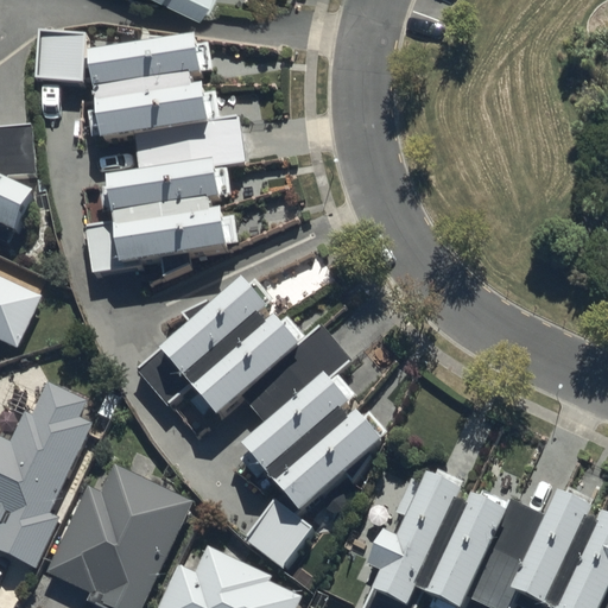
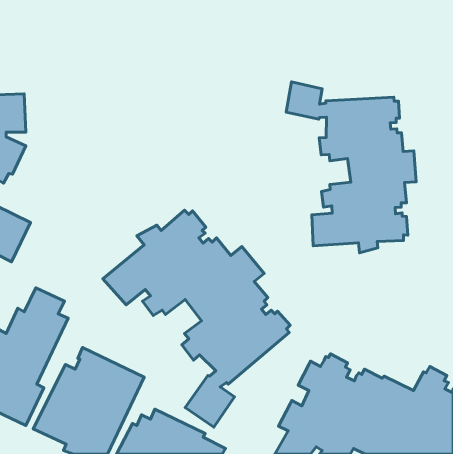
building: [33,33,245,272] -> none
building: none -> [286,82,416,253]

